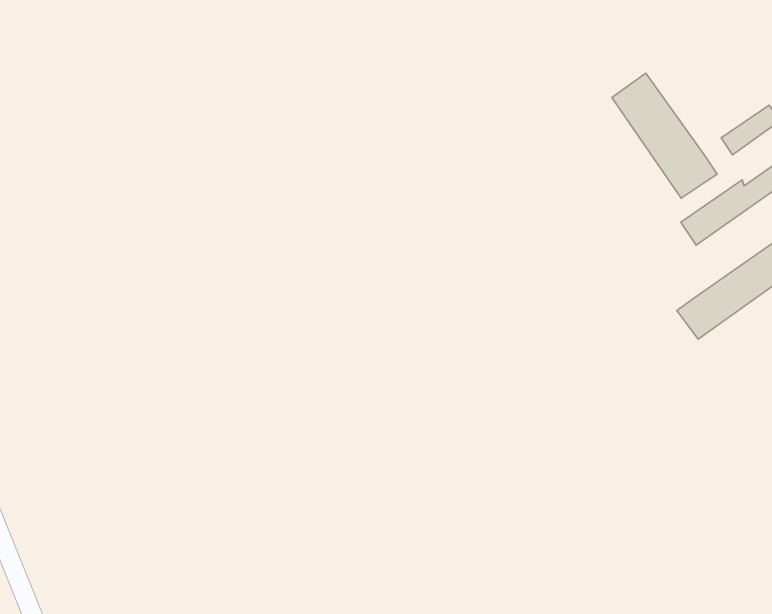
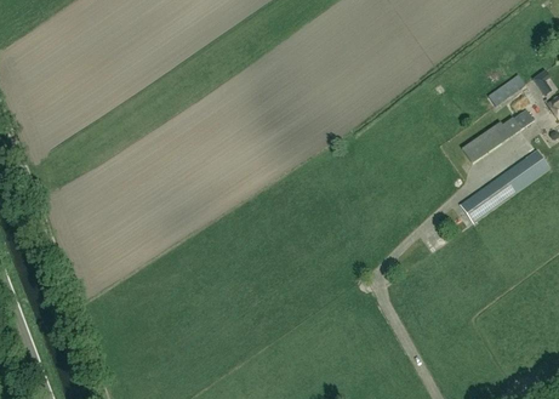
building: [612,73,717,198] -> none

